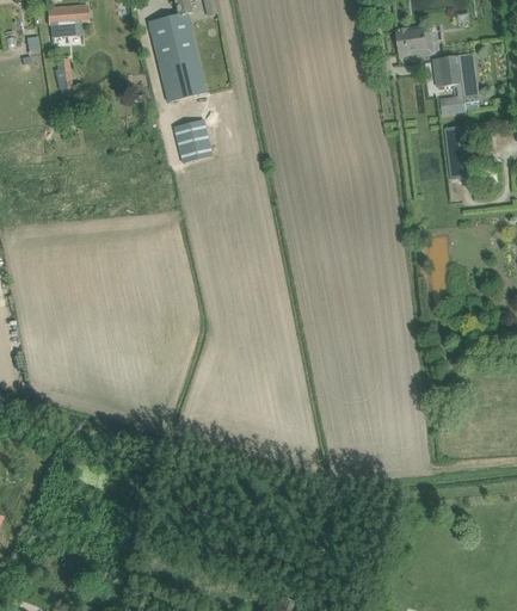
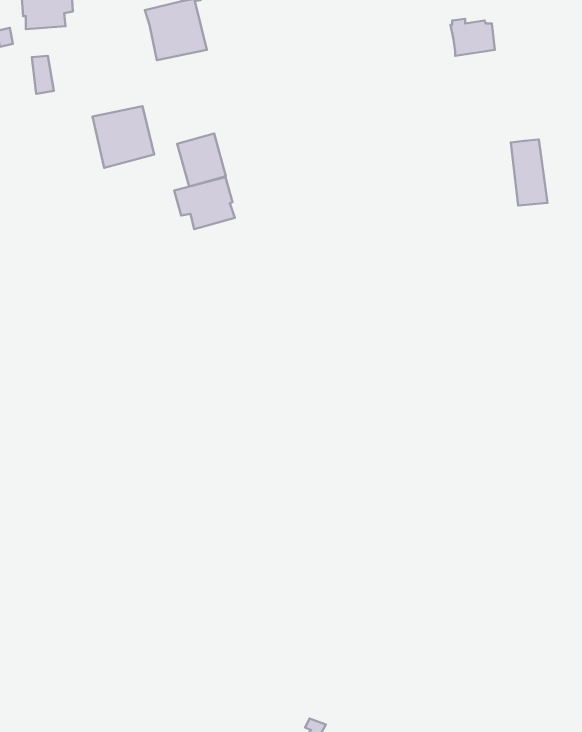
building: [156,53,207,103] -> [93,106,154,168]
building: [439,53,478,113] -> none
building: none -> [174,177,235,229]

